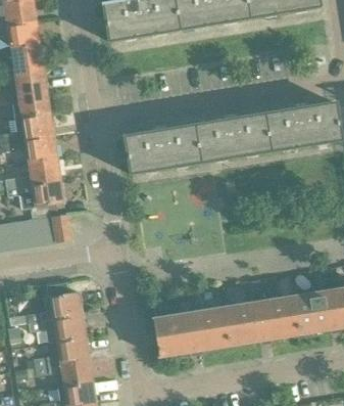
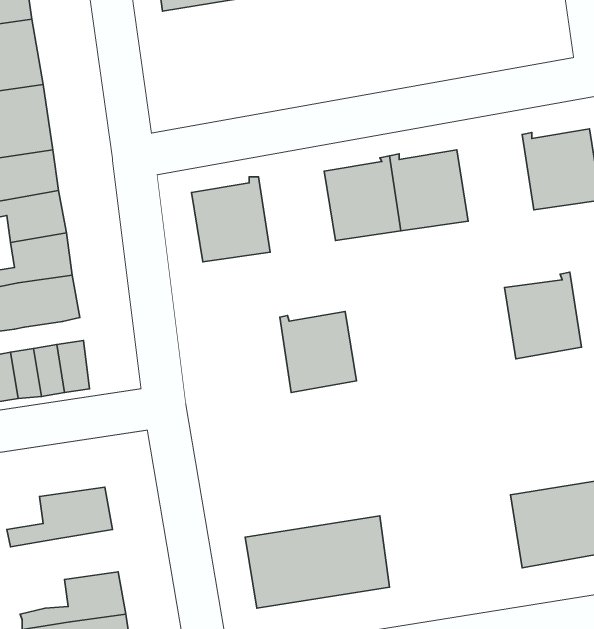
building: [265,104,306,150] -> [504,272,581,359]
building: [160,124,201,167] -> [280,311,357,392]
building: [225,296,300,345] -> none
building: [29,314,86,343] -> none

